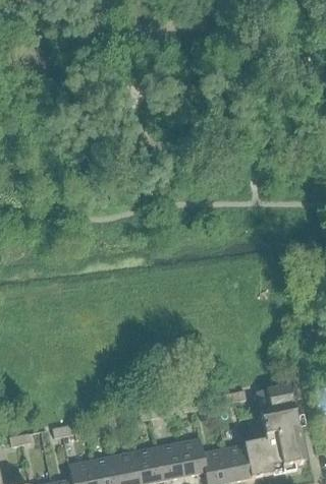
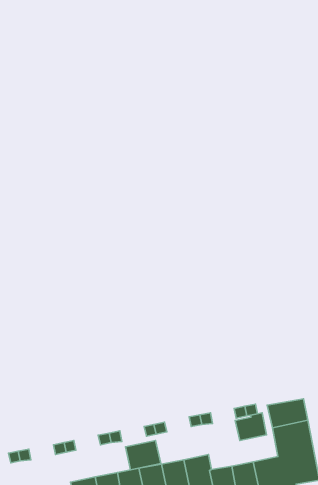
building: none -> [235,413,267,440]
building: none -> [125,441,161,470]

